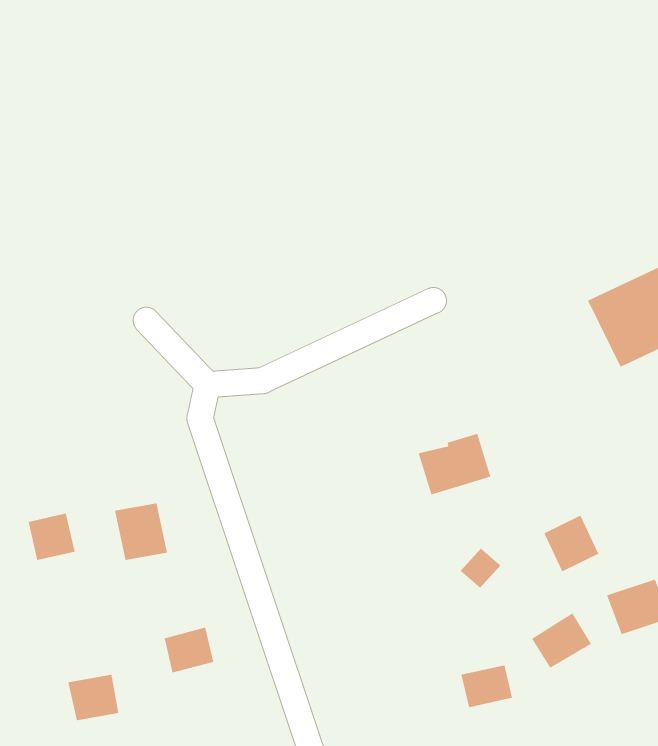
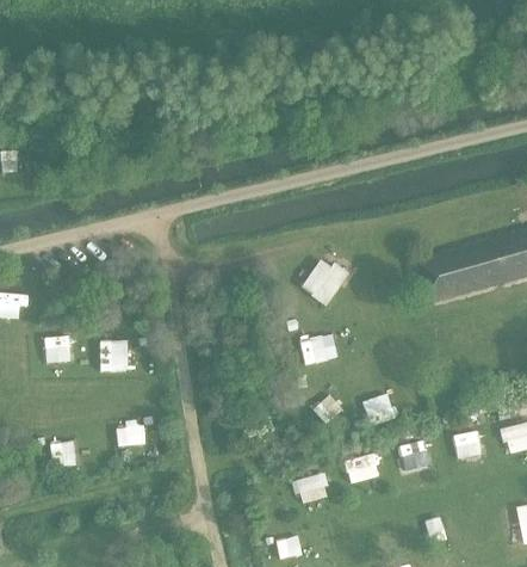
building: none -> [300,257,348,306]

